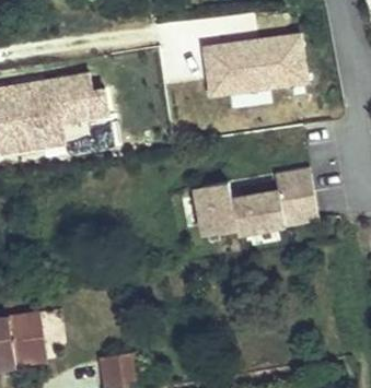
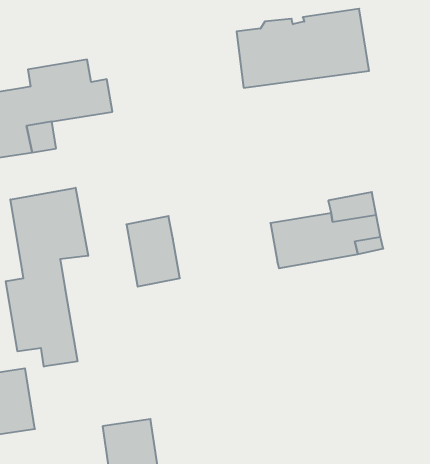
building: none -> [6,188,88,367]
building: [194,183,235,237] -> [126,216,180,287]

